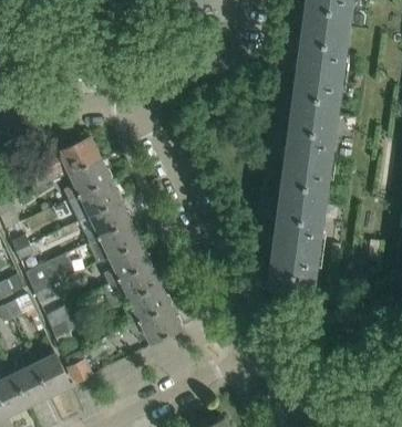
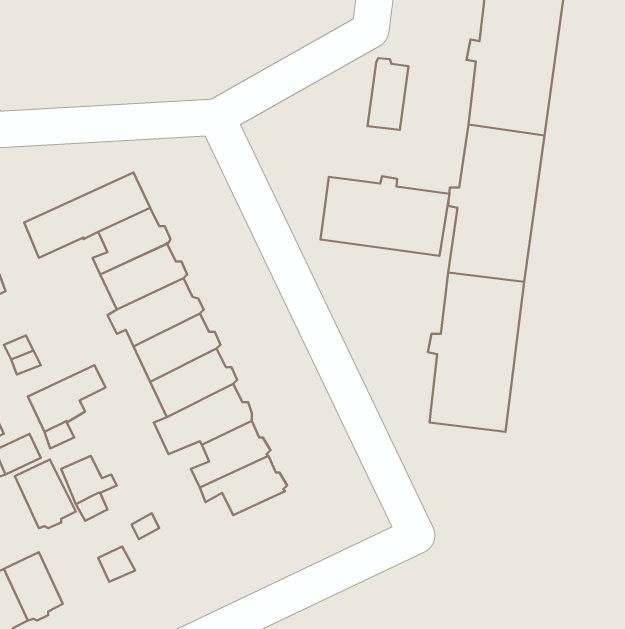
building: none -> [368,58,409,130]
building: none -> [320,176,449,256]
building: [34,353,71,394] -> [15,460,76,528]

